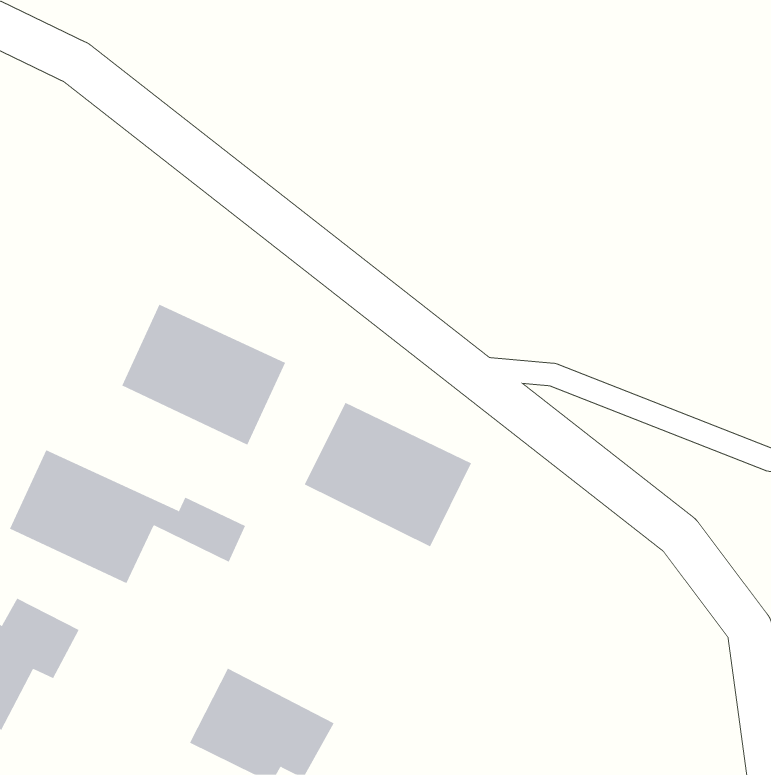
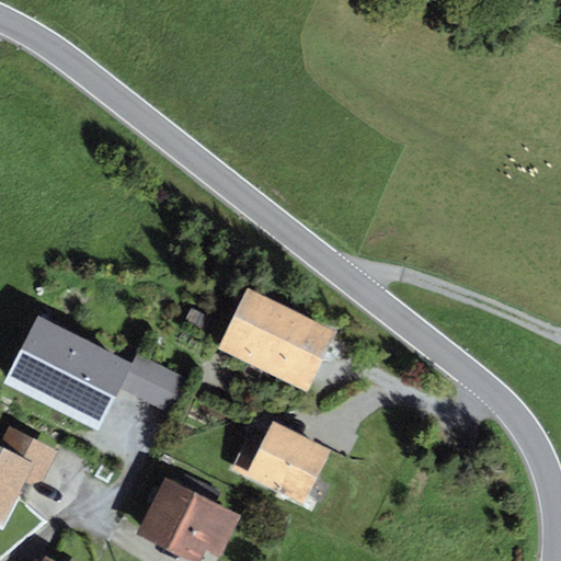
building: [122,304,286,445] -> none
building: none -> [227,422,334,507]

